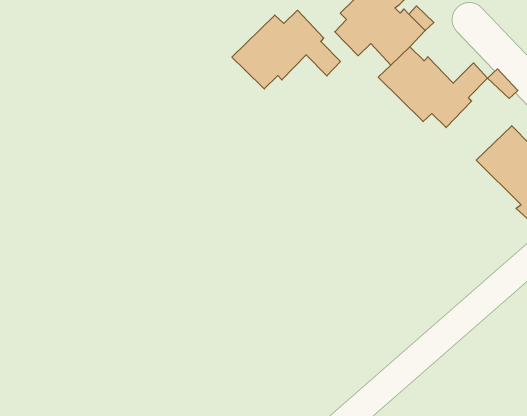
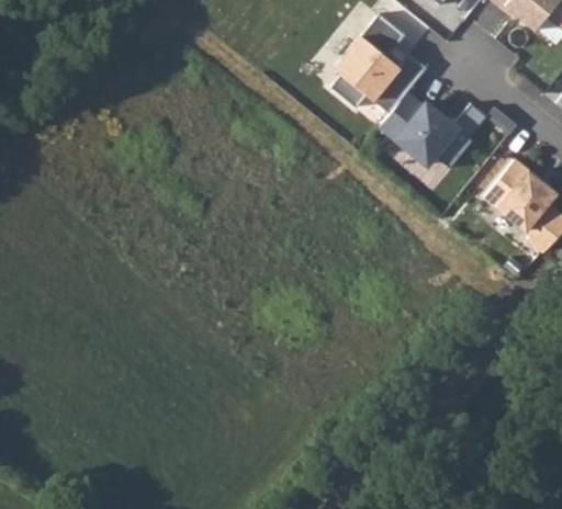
building: [232,10,340,89] -> none

